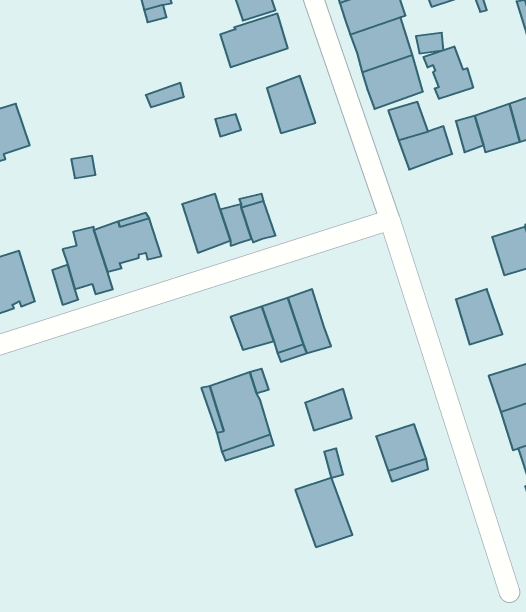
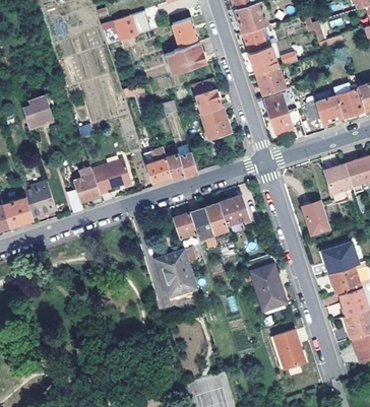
building: [423,46,473,99] -> none
building: none -> [201,106,230,137]
building: none -> [220,196,252,225]
building: [305,389,352,430] -> [252,265,280,289]
building: [295,478,352,547] -> [273,332,307,372]

